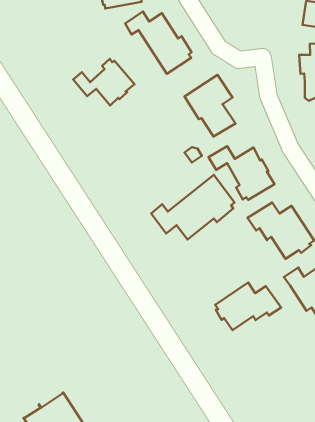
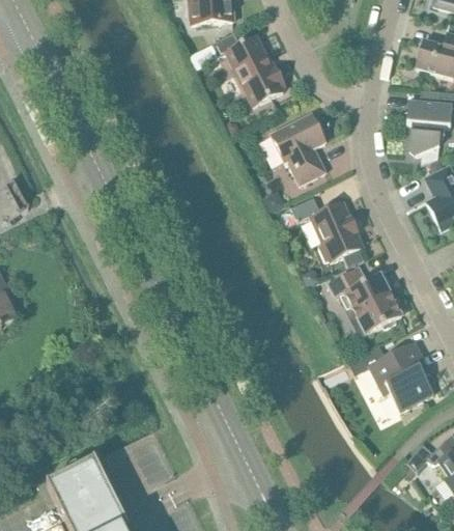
building: [73,59,134,105] -> none
building: [151,175,235,240] -> none
building: [215,283,281,330] -> none

